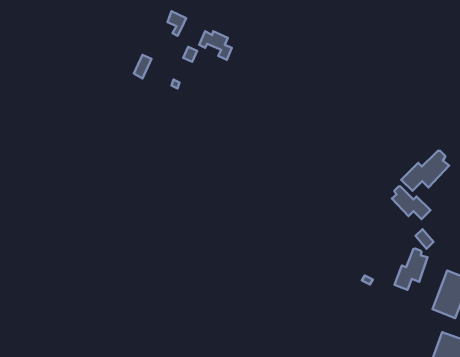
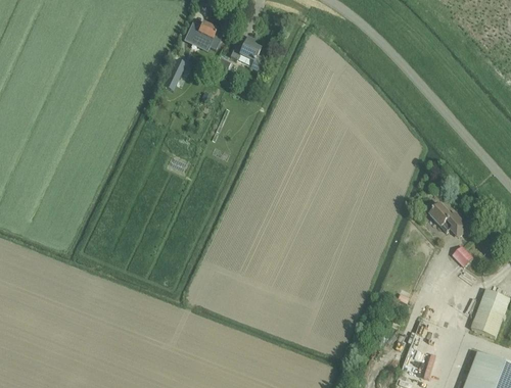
building: [401,151,449,191] -> none
building: [394,248,428,290] -> none

